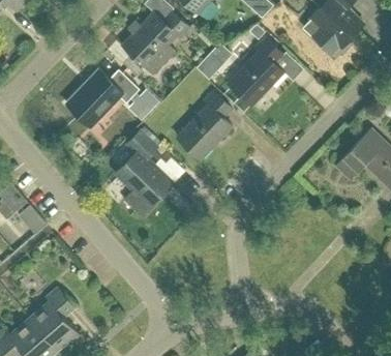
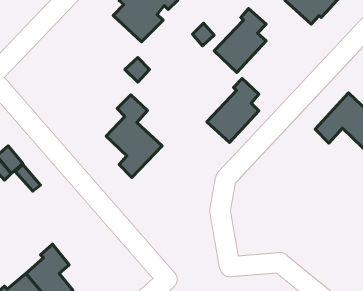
building: [66,69,140,127] -> none
building: [177,92,232,159] -> [207,79,259,142]

